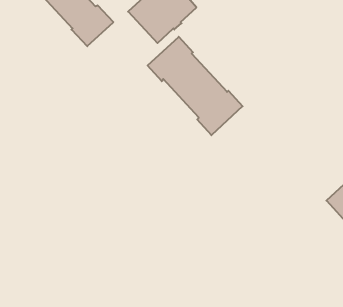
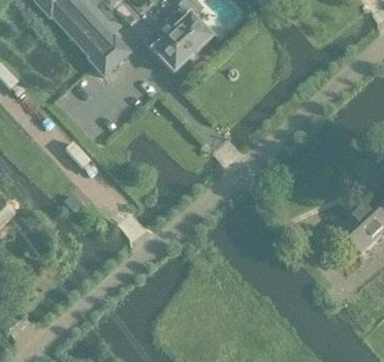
building: [148,37,243,135] -> none

